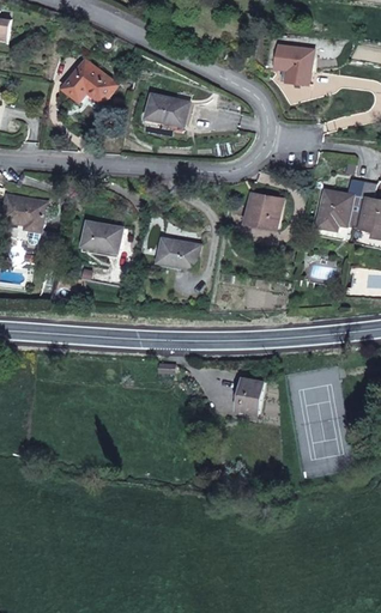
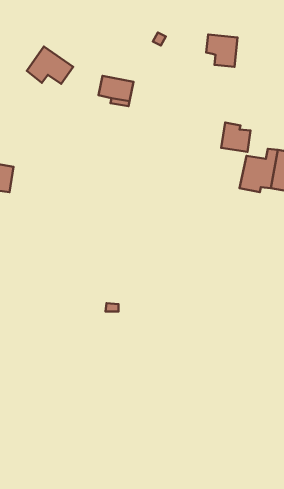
building: [247,193,282,227] -> [221,122,251,152]
building: [81,220,122,251] -> none
building: [156,236,200,268] -> none
building: [236,378,262,413] -> none

